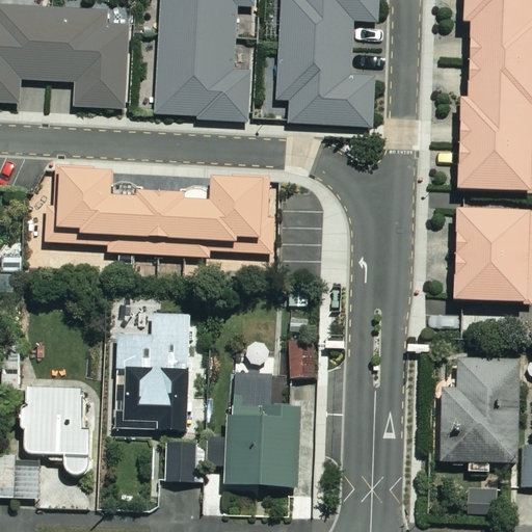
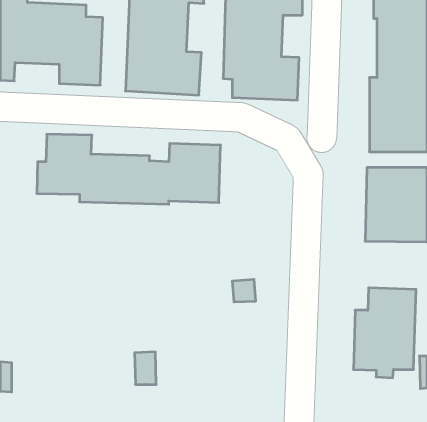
building: [117,313,187,428] -> none
building: [223,372,298,486] -> none
building: [22,387,94,474] -> none

